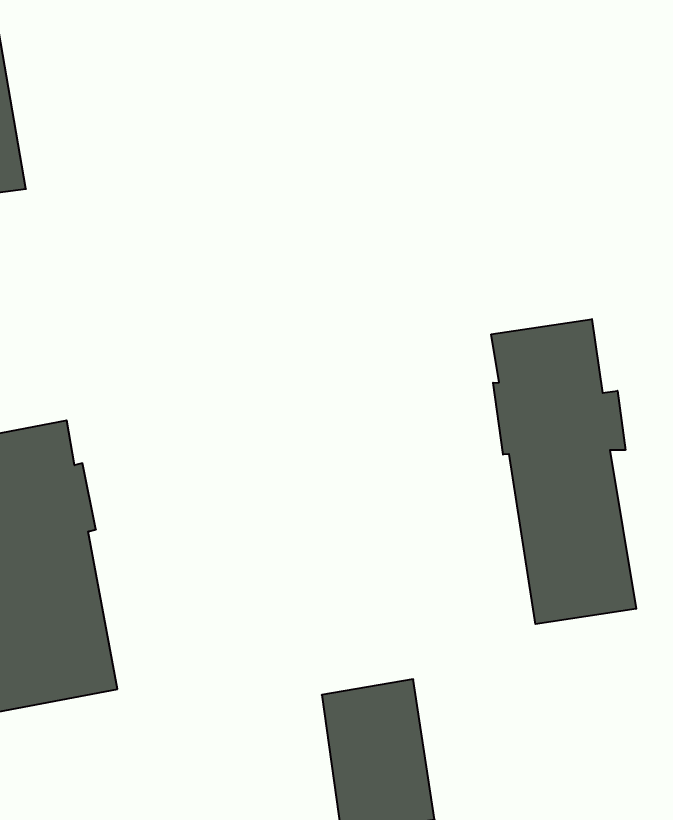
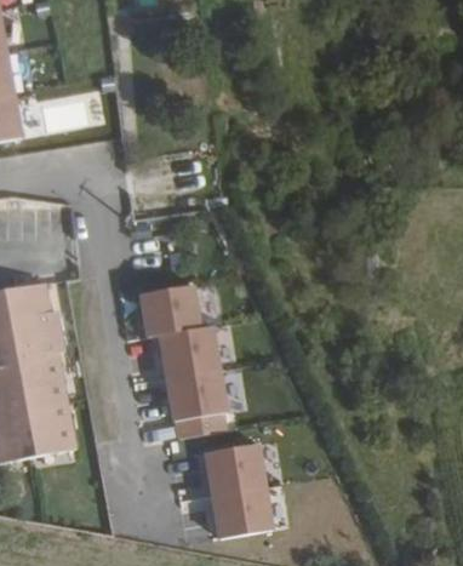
building: [491,319,636,624] -> none
building: none -> [137,284,228,421]

